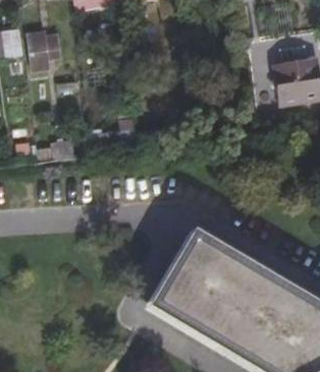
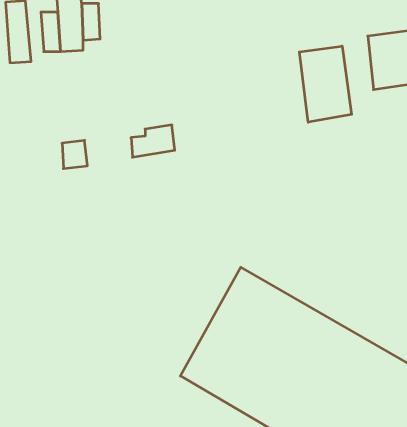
building: none -> [299,46,352,122]

